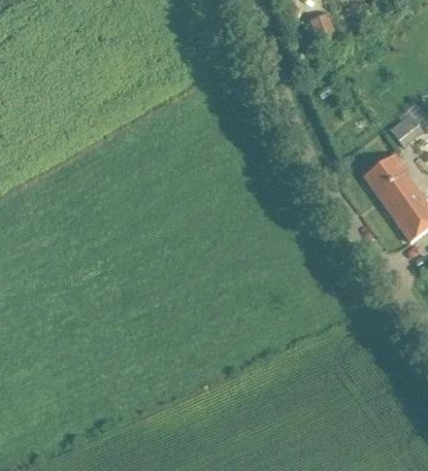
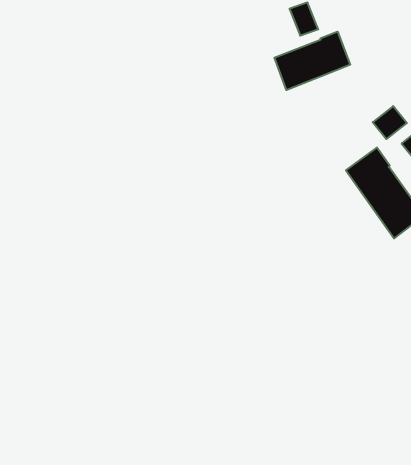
building: none -> [274,32,350,90]

